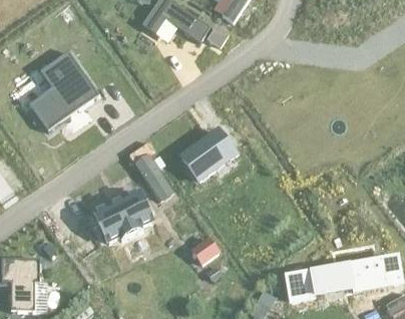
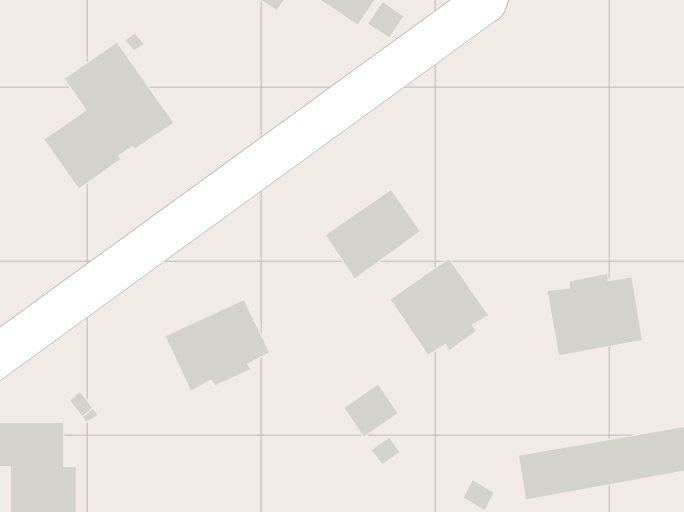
building: [136,163,173,203] -> none
building: none -> [390,258,489,355]
building: none -> [547,273,643,356]

